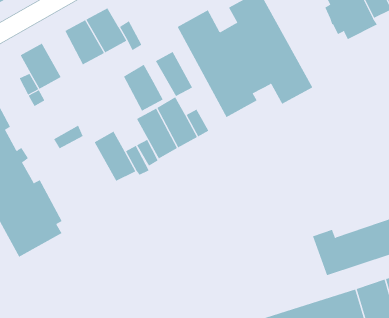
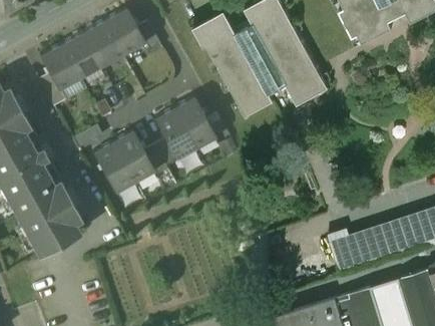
building: none -> [60,32,100,78]
building: [155,51,193,97] -> none
building: [123,64,164,112] -> none
building: none -> [92,142,133,193]

